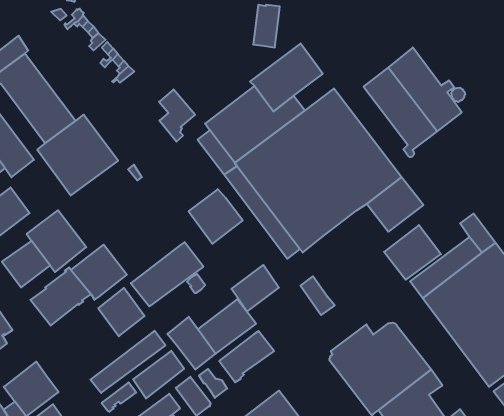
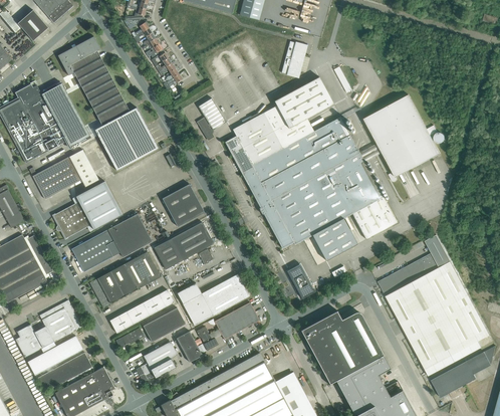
building: none -> [68,150,98,187]
building: [189,189,243,244] -> [162,184,204,227]
building: [384,225,441,280] -> [311,218,356,260]
building: [231,265,279,312] -> none
building: none -> [88,264,137,307]

